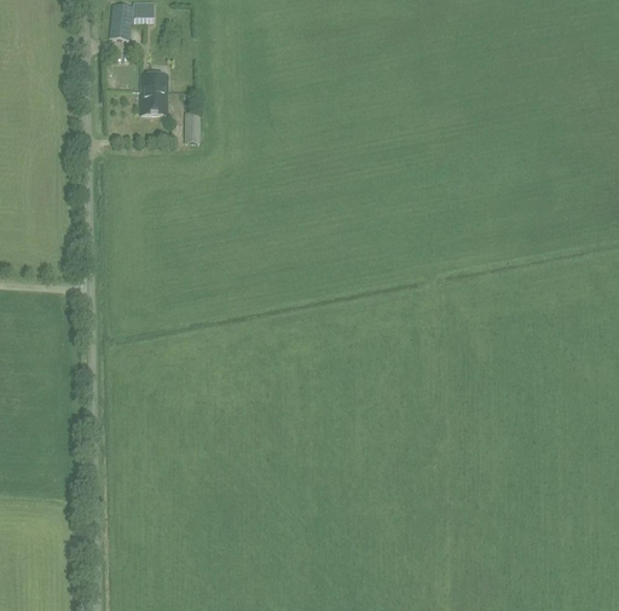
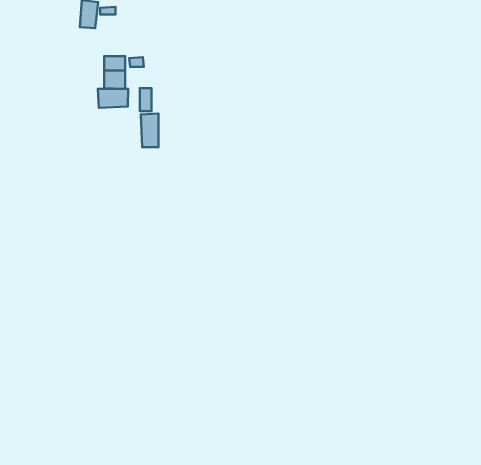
building: none -> [98,89,128,108]
building: none -> [141,114,158,147]

